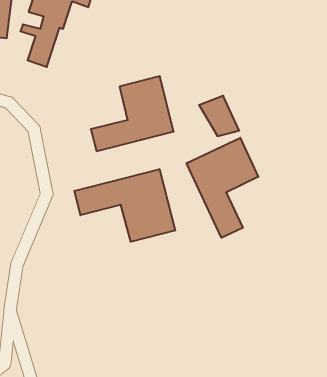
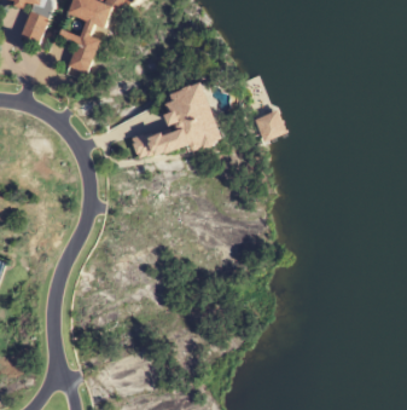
building: [187,138,258,238] -> none
building: [74,169,175,242] -> none

